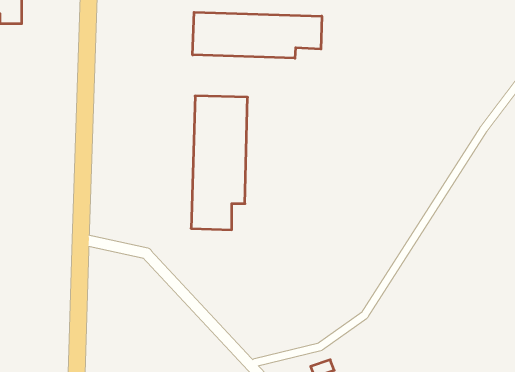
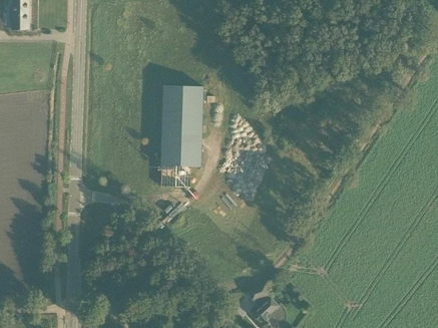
building: [193,12,322,58] -> none

